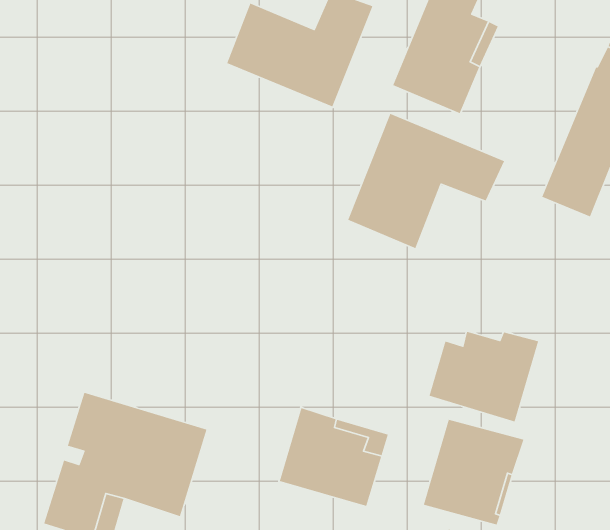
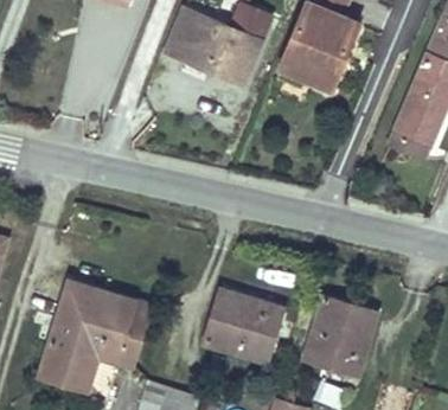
building: [347,113,505,249] -> none
building: [429,331,539,422] -> none

